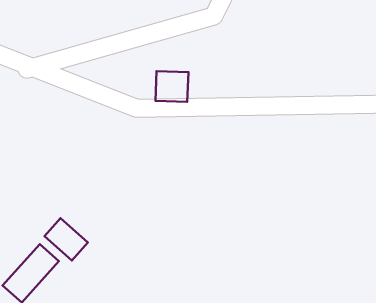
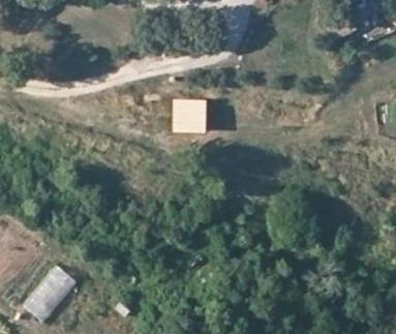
building: [45,218,88,261] -> none

